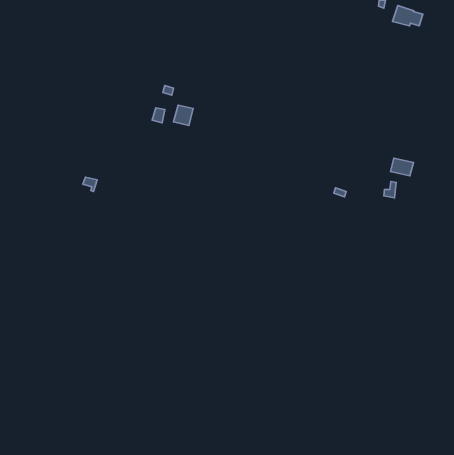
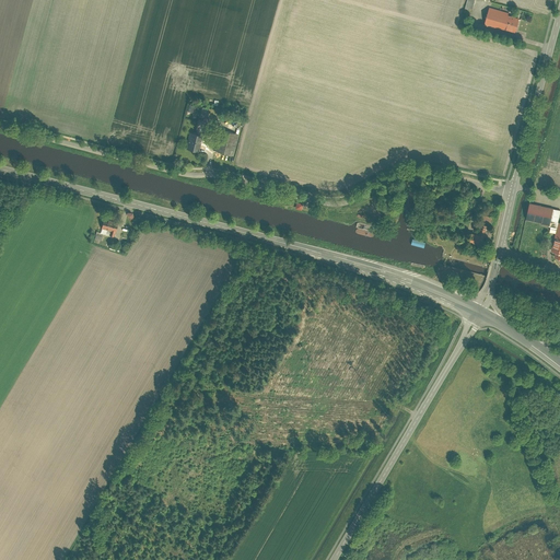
building: [390,158,414,176] -> [525,203,553,225]

